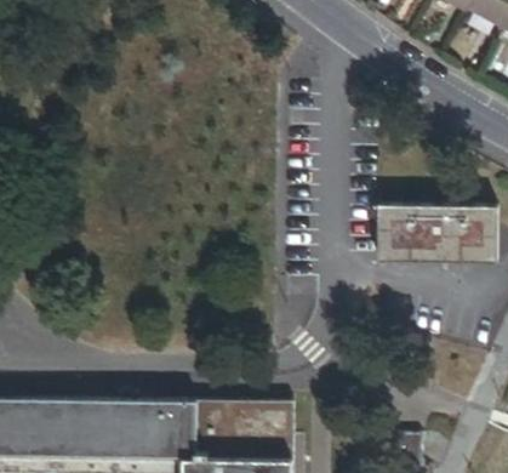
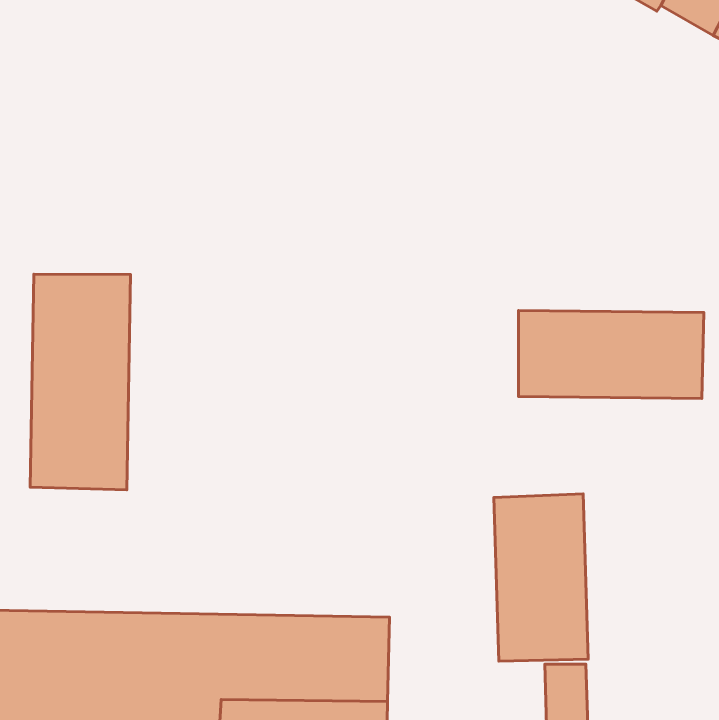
building: none -> [30,274,131,490]
building: none -> [494,494,588,661]

